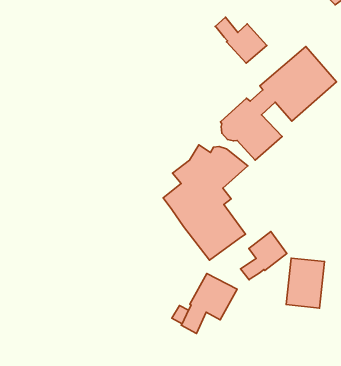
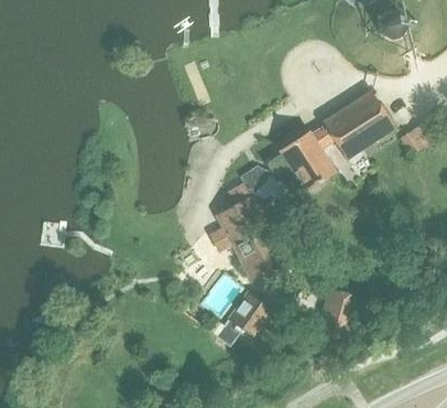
building: [215,17,267,63] -> none
building: [241,232,287,280] -> none

